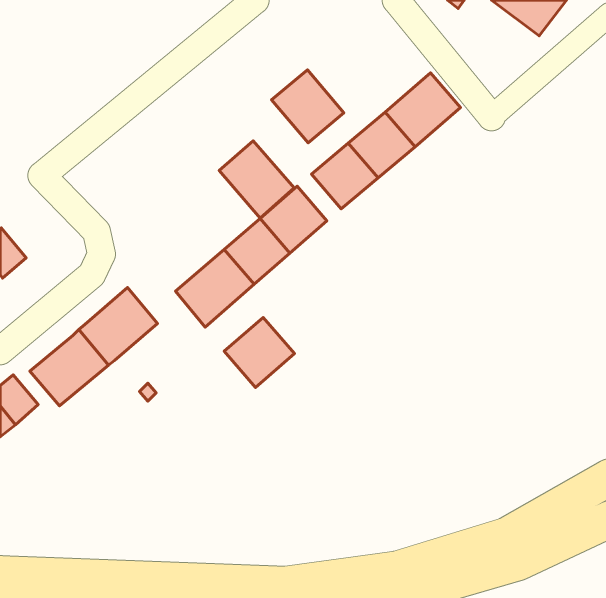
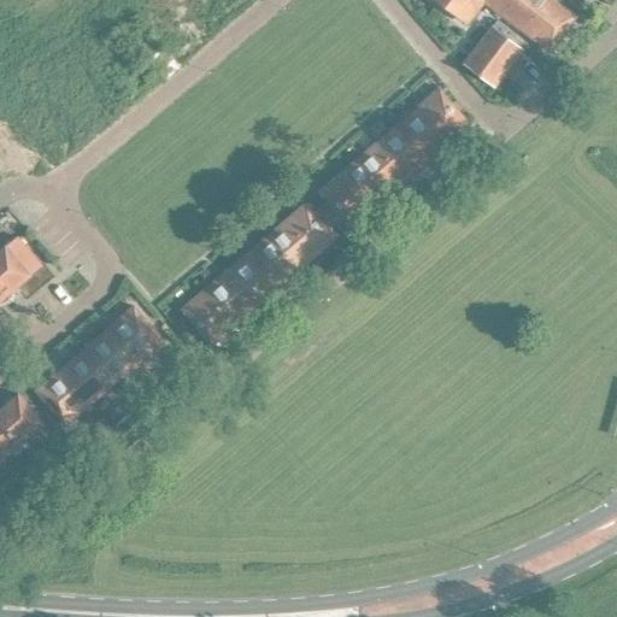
building: none -> [463,24,522,84]
building: [272,70,344,143] -> none
building: [219,141,294,218] -> none
building: [224,317,294,387] -> none

